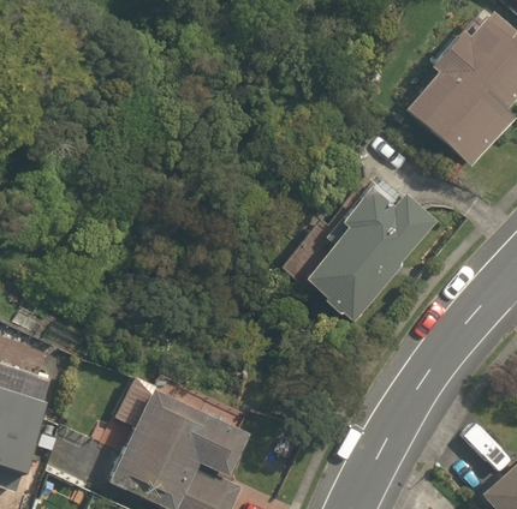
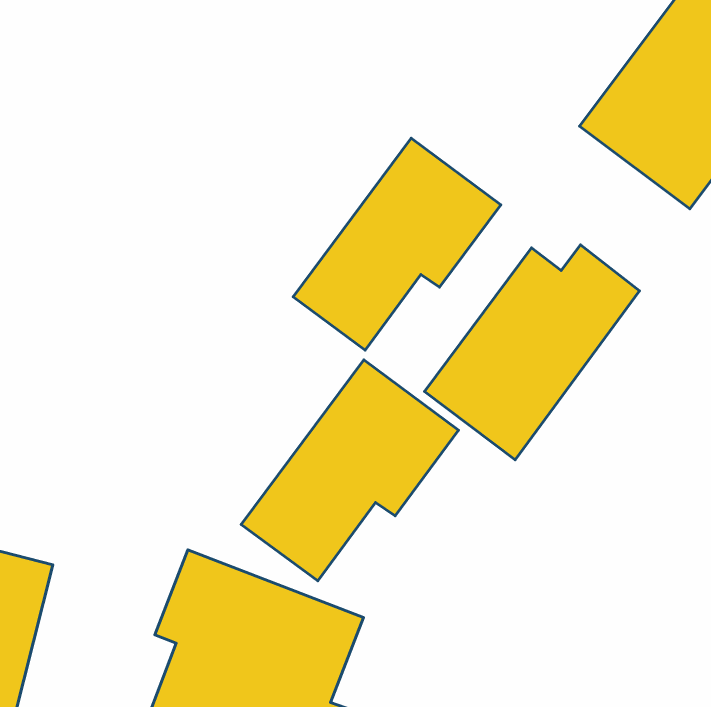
building: none -> [293,138,501,350]
building: none -> [241,360,459,581]

